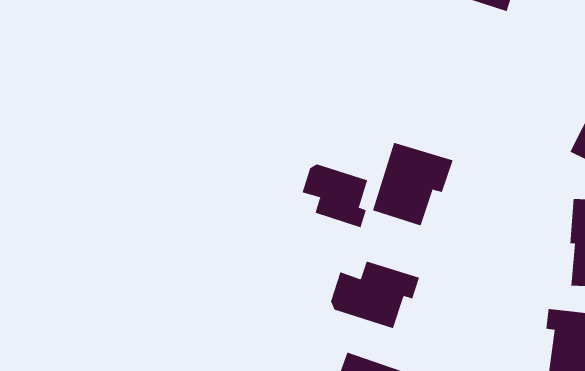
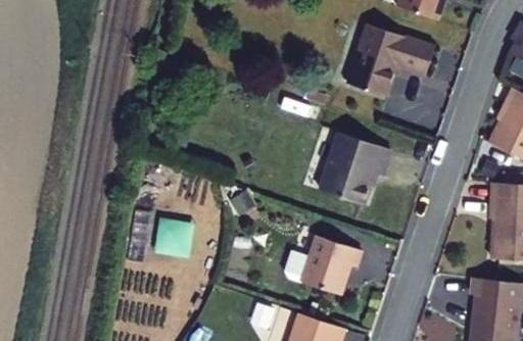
building: none -> [346,25,434,97]
building: [302,164,368,228] -> none

